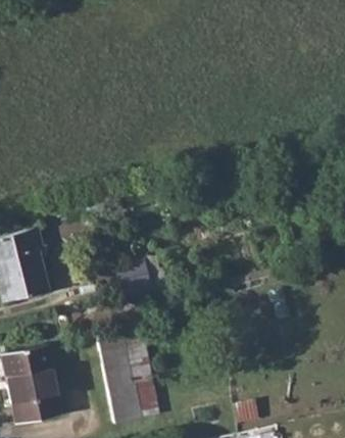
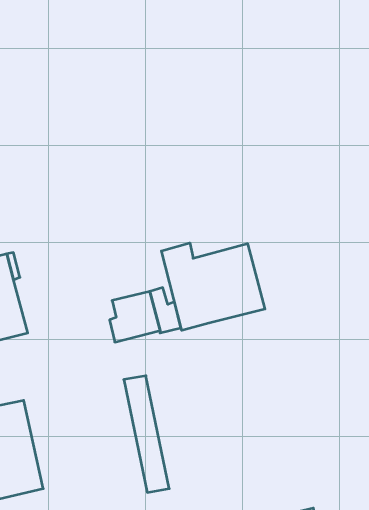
building: none -> [161,243,265,330]
building: [97,329,142,424] -> none

